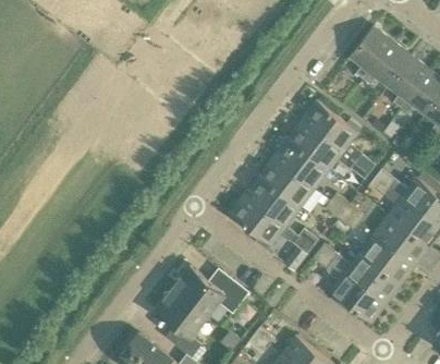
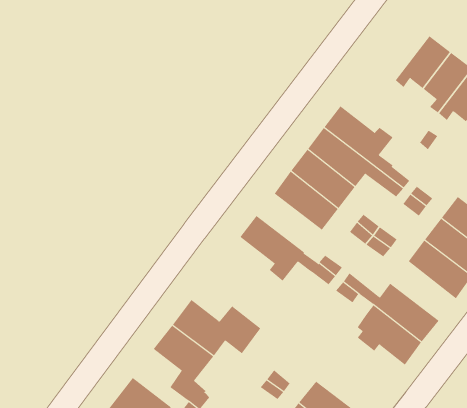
building: [349,27,392,80] -> none
building: [244,177,301,227] -> none
building: [358,234,415,286] -> none

